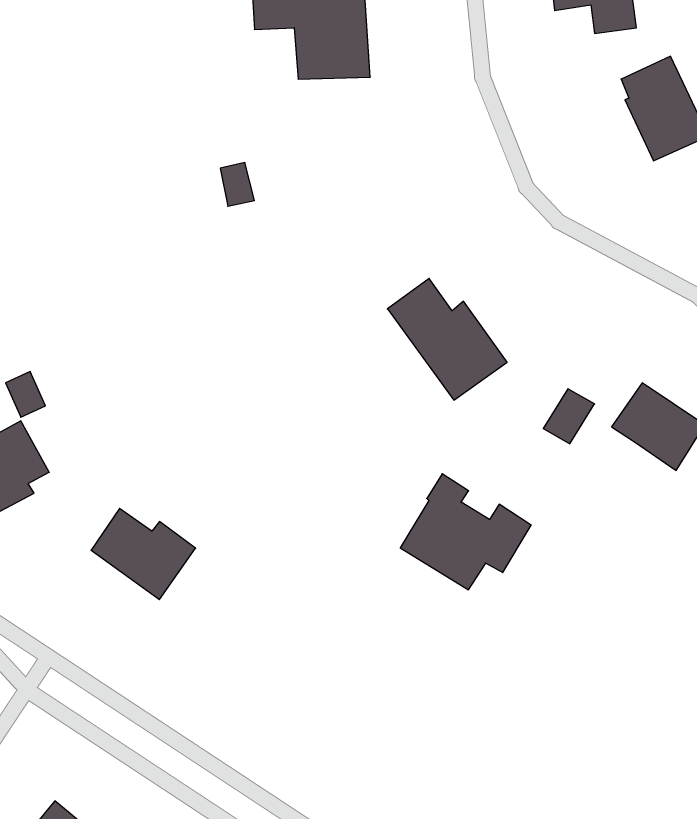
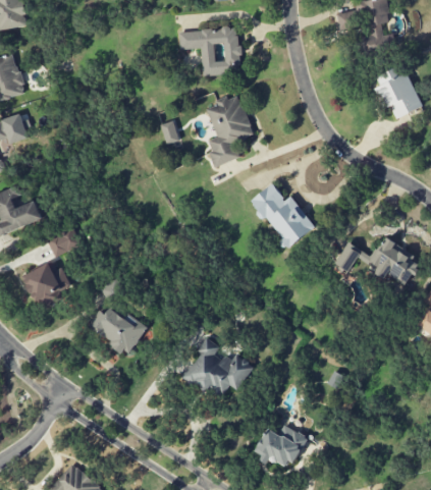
building: none -> [206,95,254,167]
building: [400,474,531,590] -> [183,337,254,399]
building: none -> [255,425,306,468]

